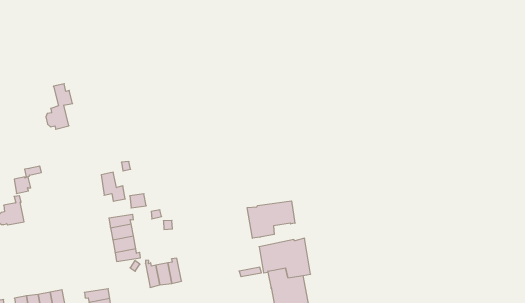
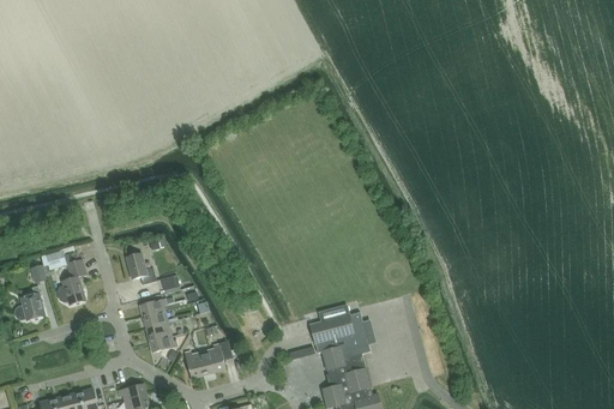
building: [46,84,73,129] -> [58,252,86,303]
building: [247,201,295,238] -> none

